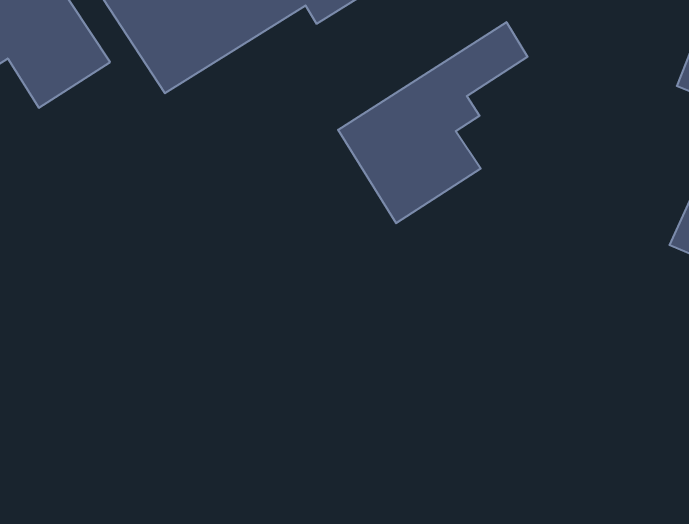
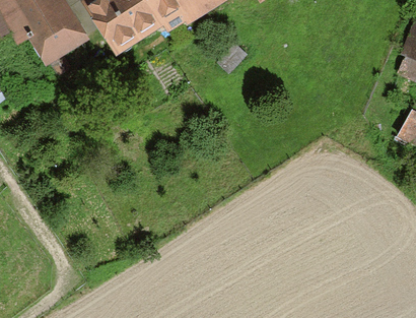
building: [338,22,528,223] -> none

